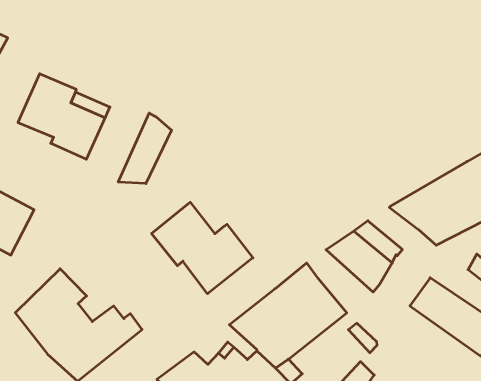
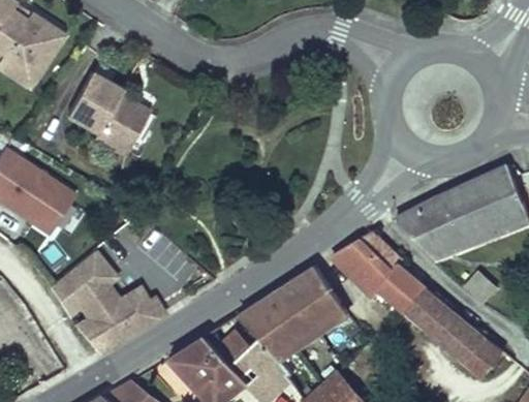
building: [118,113,172,184] -> none
building: [152,202,253,294] -> none
building: none -> [379,265,426,312]

